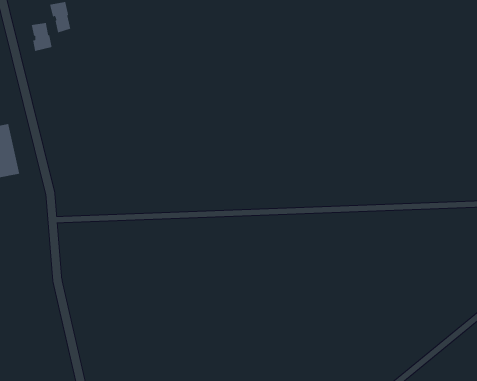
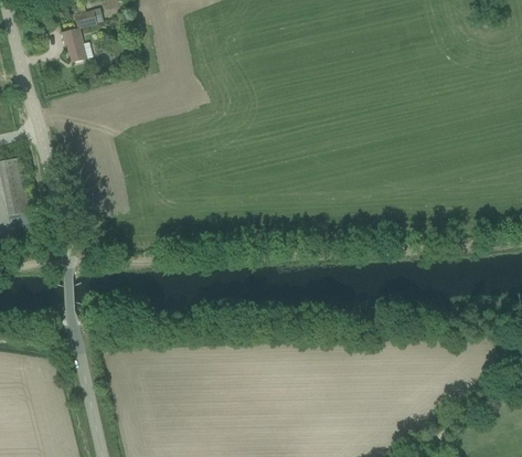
building: [31,22,53,52] -> none

